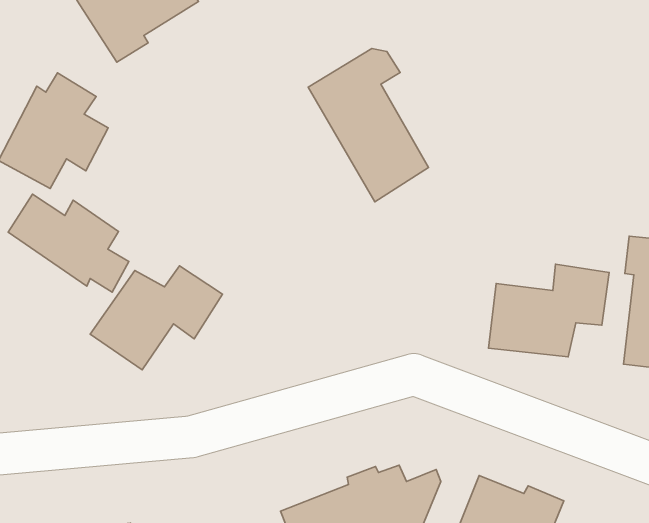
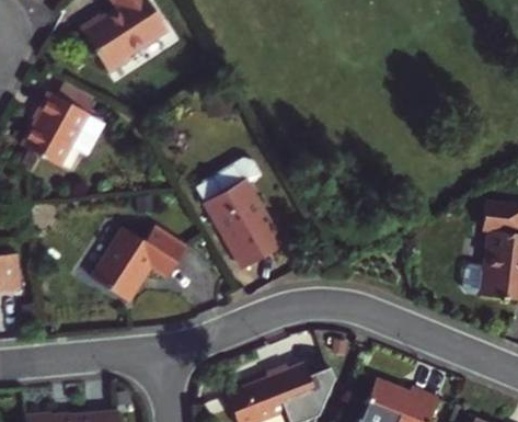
building: [308,49,428,202] -> [194,158,283,271]
building: [8,194,129,292] -> none
building: [488,264,609,357] -> none

